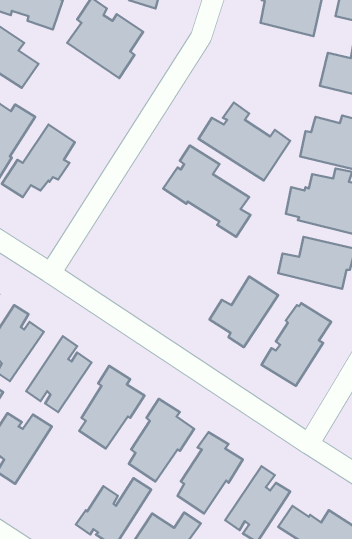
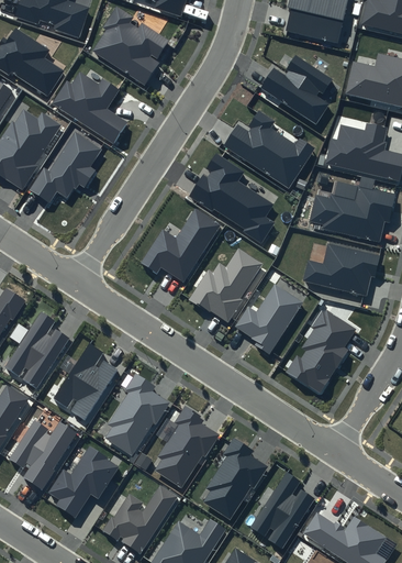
building: none -> [260,55,333,125]
building: none -> [52,71,129,144]
building: none -> [141,208,221,282]
building: none -> [190,249,263,323]
building: none -> [48,446,120,518]

